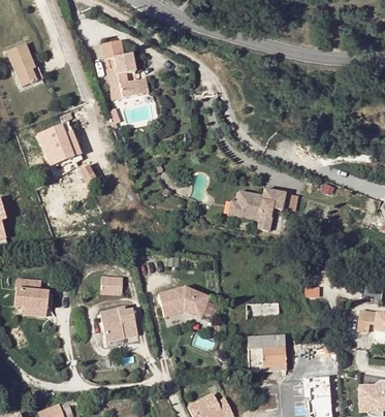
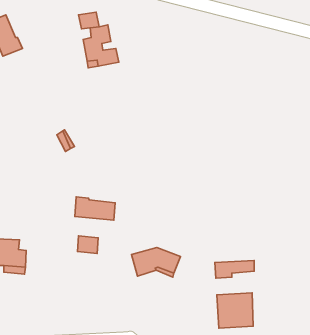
building: [38,122,82,165] -> none
building: [239,189,287,231] -> none
building: none -> [75,197,115,220]
building: [99,308,137,341] -> none

